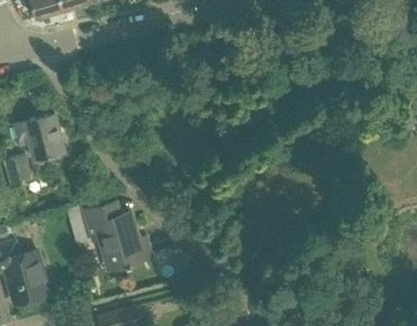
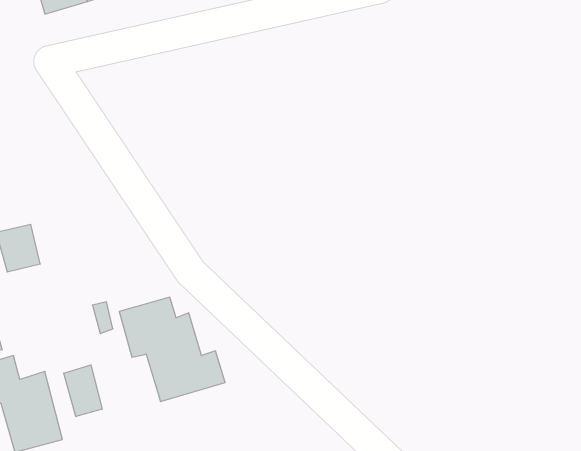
building: [15,115,65,161] -> none
building: none -> [64,365,102,417]

